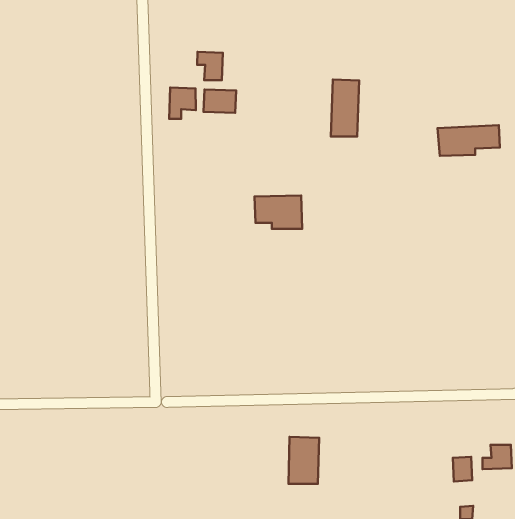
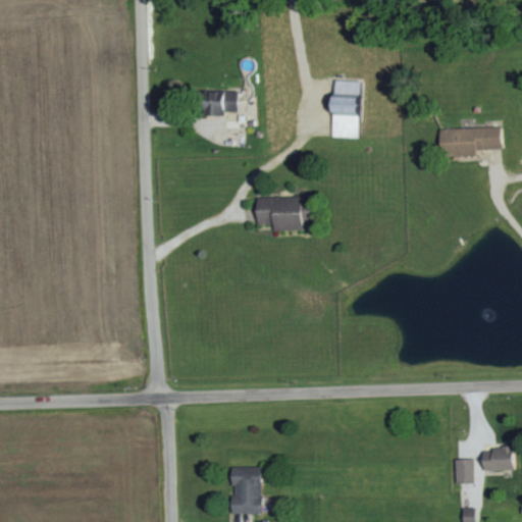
building: [197,52,223,80] -> none
building: [169,87,196,119] -> none
building: [288,437,319,484] -> [230,466,261,513]

